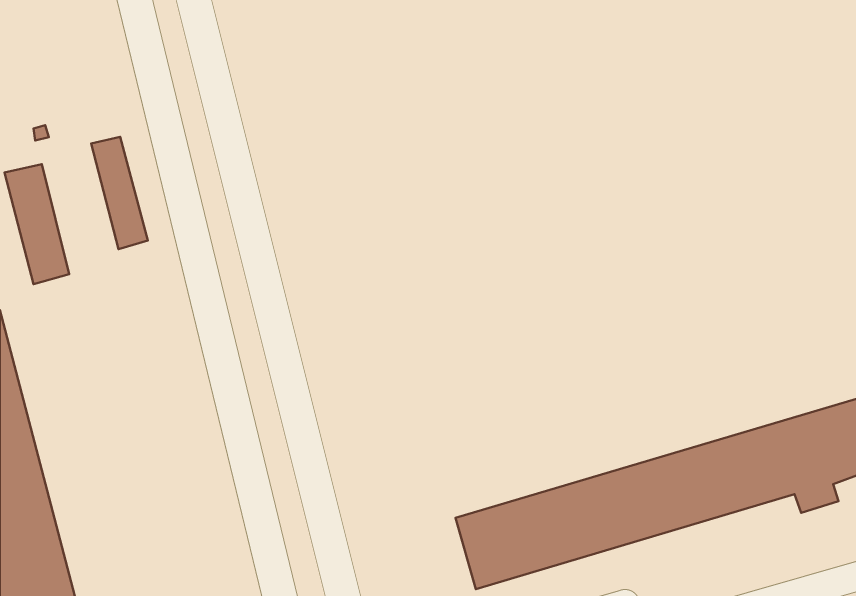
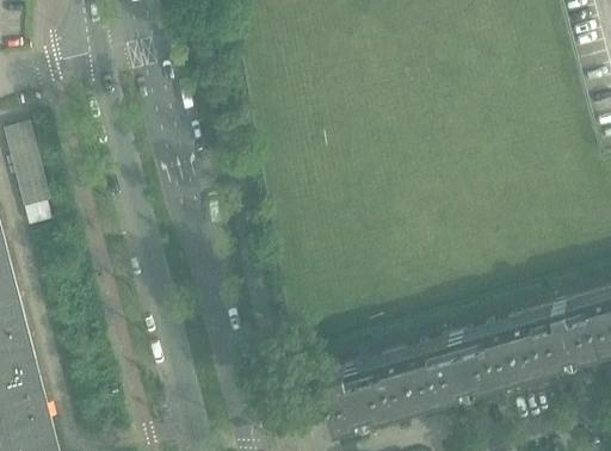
building: [91,137,148,249] -> none

